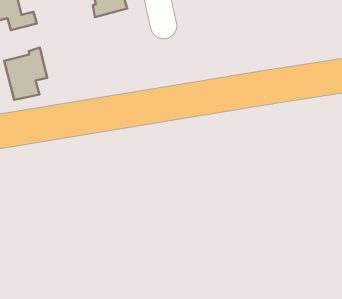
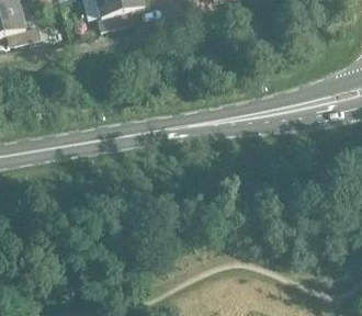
building: [4,48,47,100] -> none

